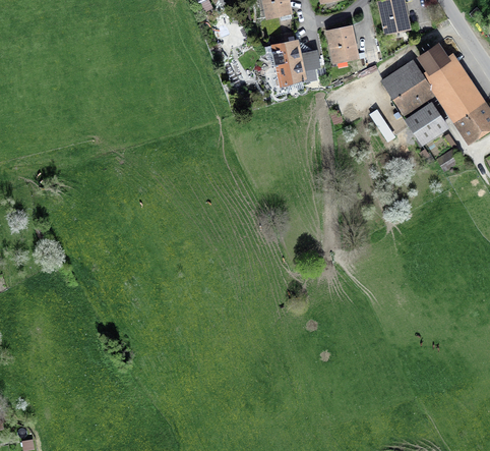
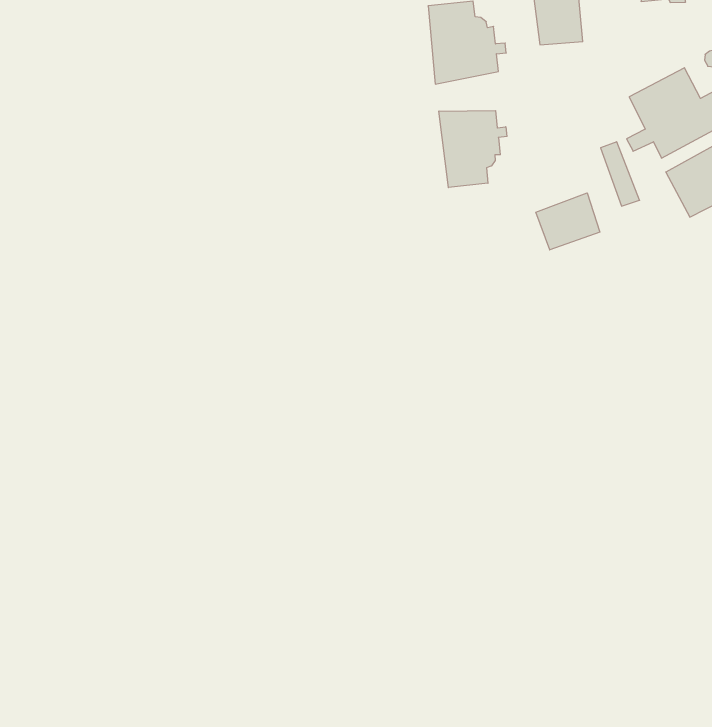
building: none -> [439,111,507,188]
building: none -> [536,193,600,250]

